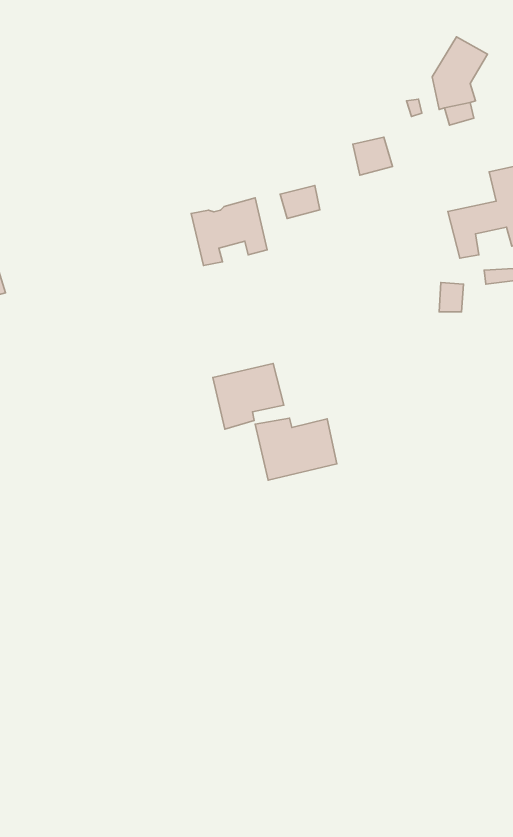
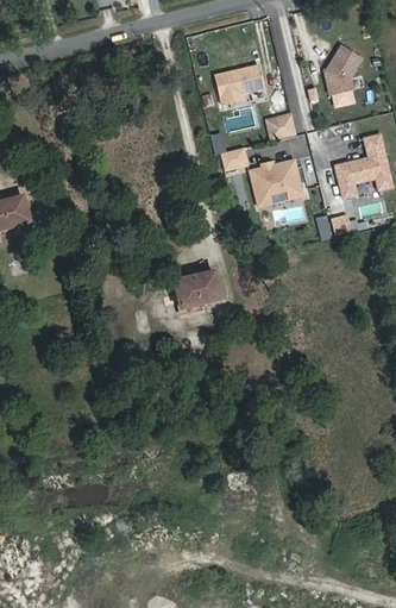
building: none -> [214,65,263,105]
building: [191,198,267,265] -> [250,159,302,206]
building: [255,418,337,480] -> none

